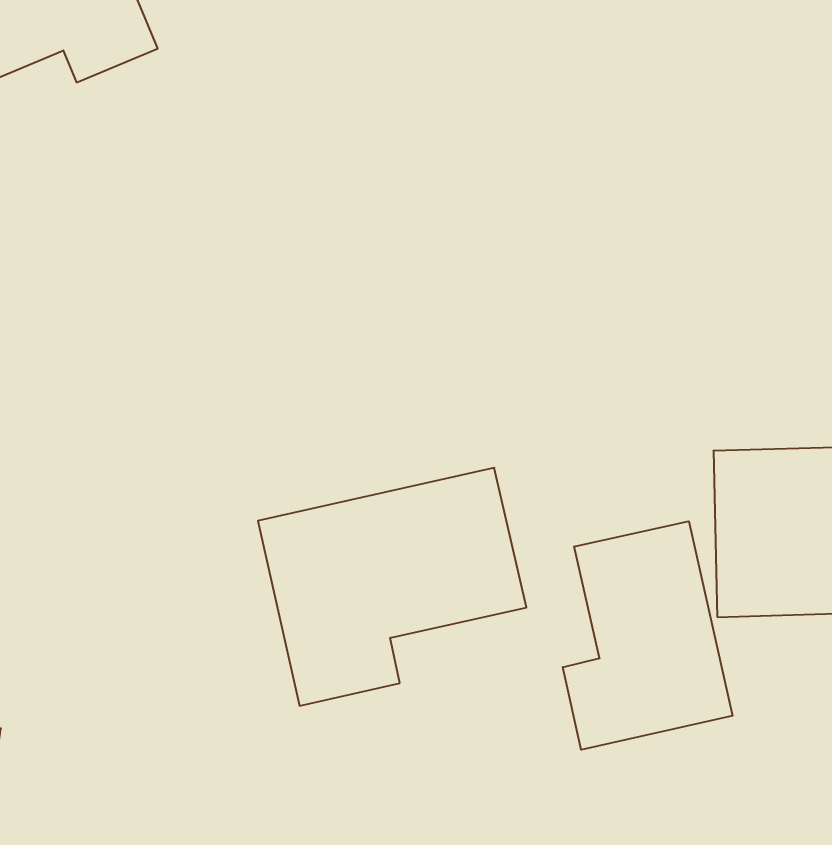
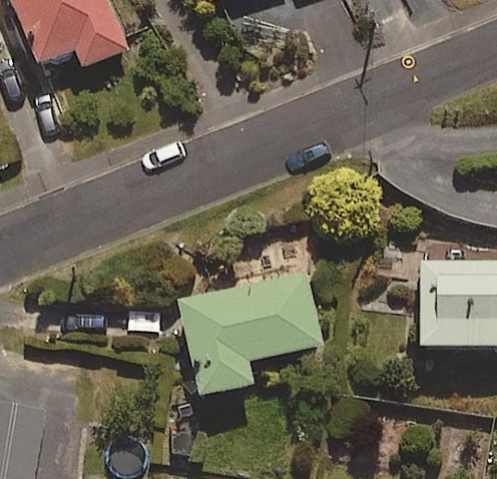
building: [563,521,733,750] -> none

